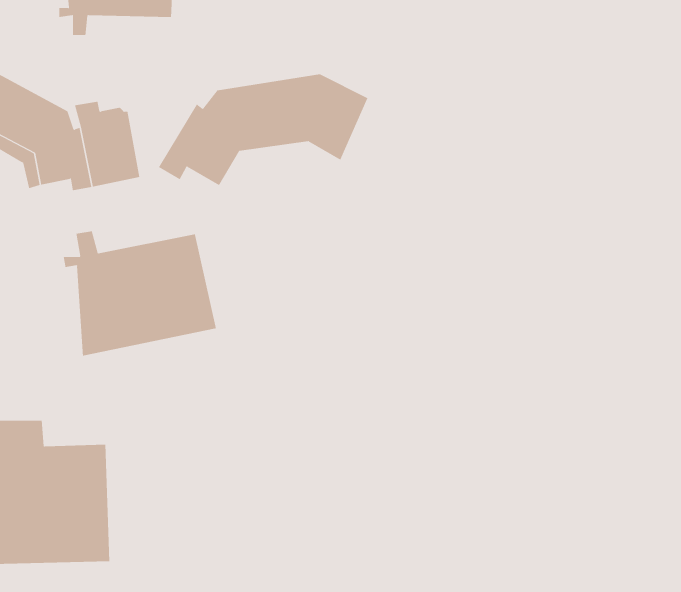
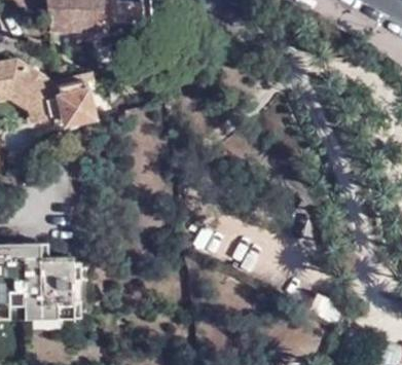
building: [158,74,368,186] -> none
building: [63,230,216,357] -> none

